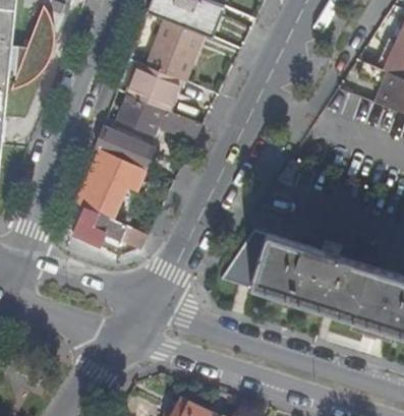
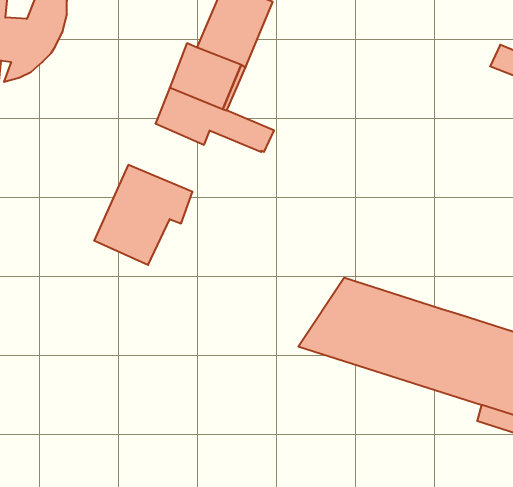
building: [94,126,154,168] -> none
building: [66,202,147,247] -> none

